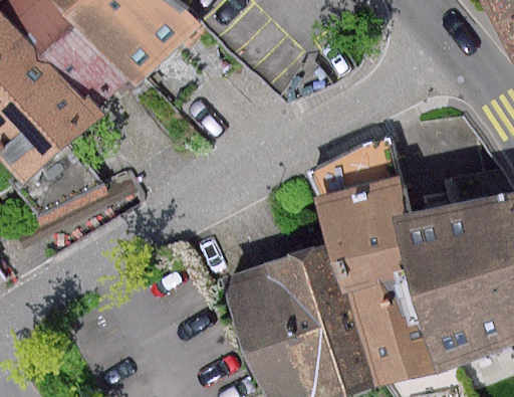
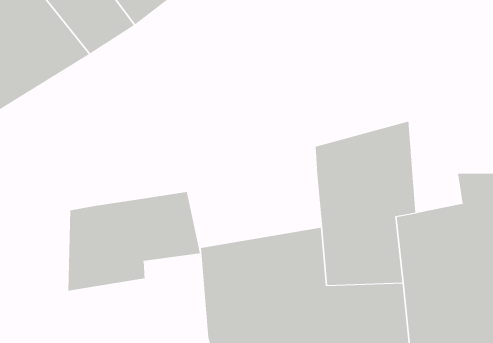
building: none -> [68,191,201,292]

